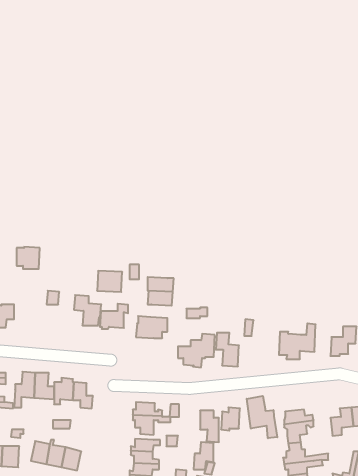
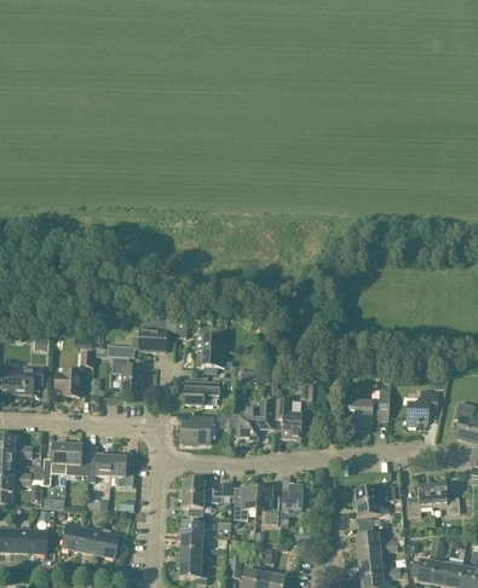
building: [17,247,40,269] -> [54,370,81,396]
building: [100,304,128,329] -> [182,415,214,444]
building: [247,396,277,438] -> none
building: [194,442,214,469] -> [234,488,257,519]

